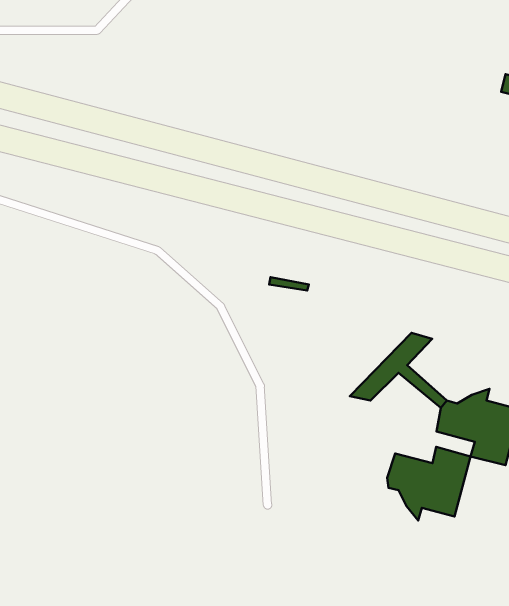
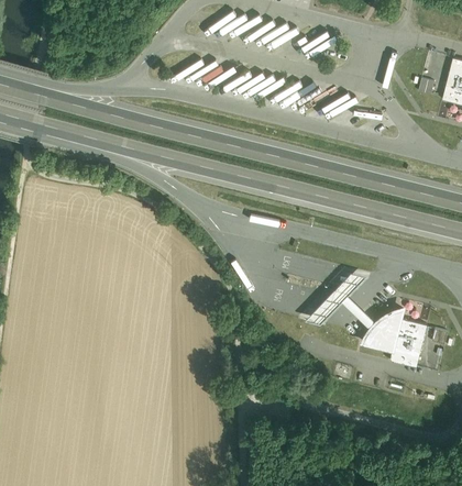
building: [387,447,470,520] -> none

